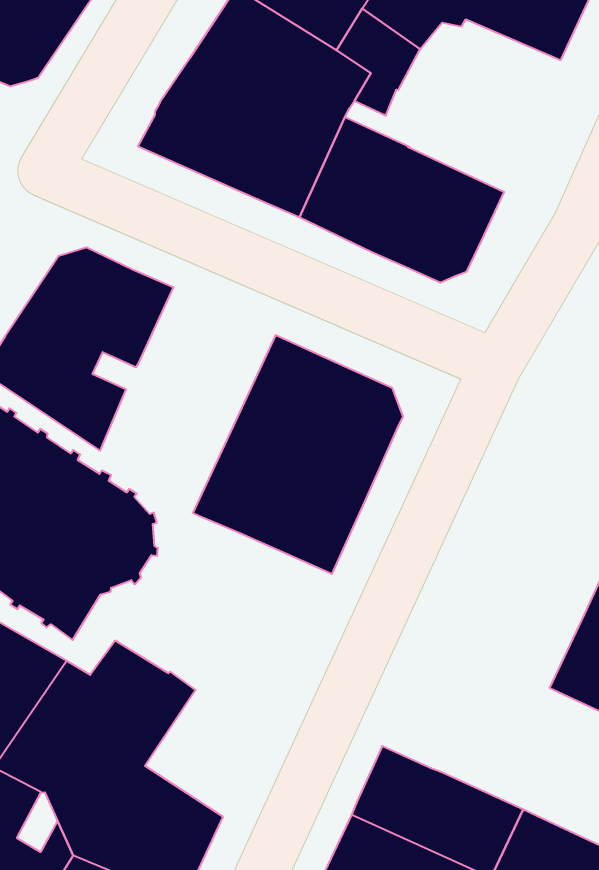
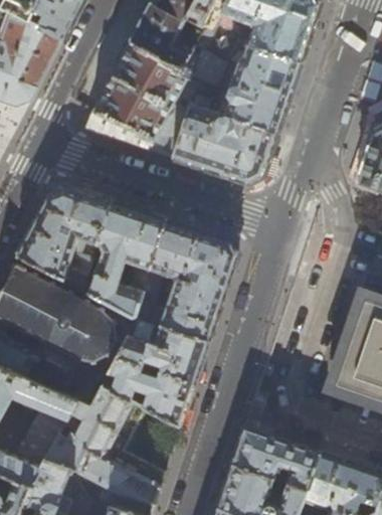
building: none -> [224,45,299,133]
building: none -> [87,200,166,316]
building: none -> [100,324,208,425]

